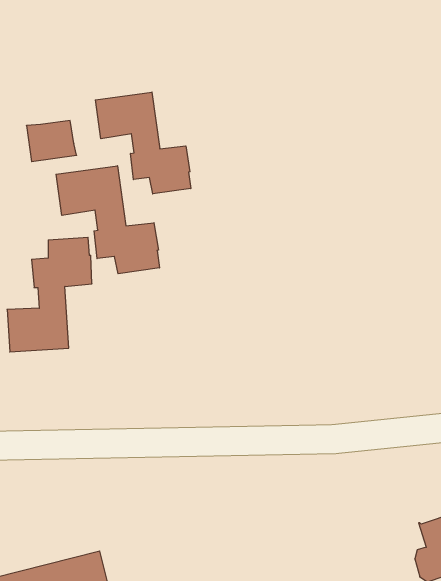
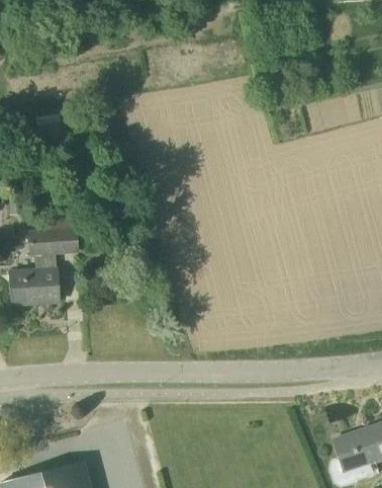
building: [95,92,191,194] -> none
building: [56,166,159,274] -> none

